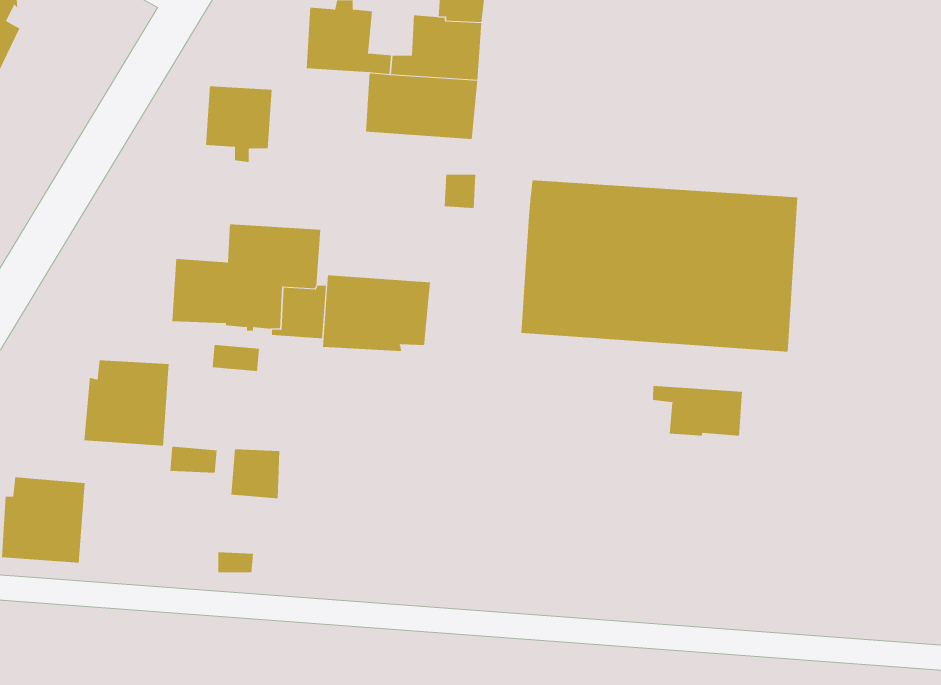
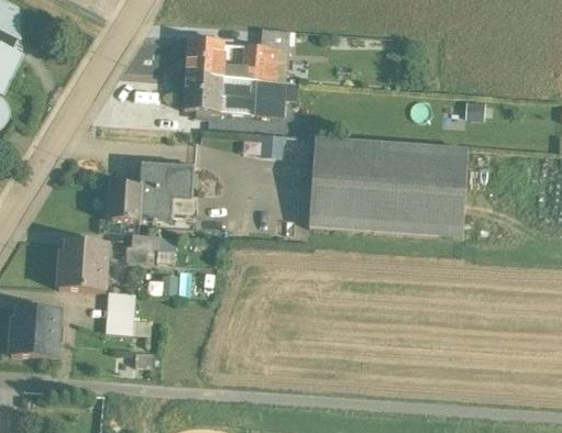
building: [205,86,272,162] -> [183,73,221,116]
building: [322,274,431,352] -> none
building: [653,385,742,437] -> none
building: [230,449,280,499] -> [104,303,133,332]

